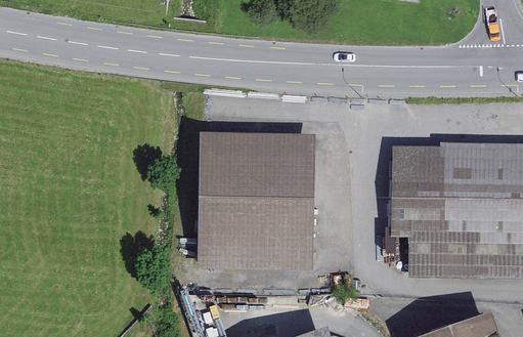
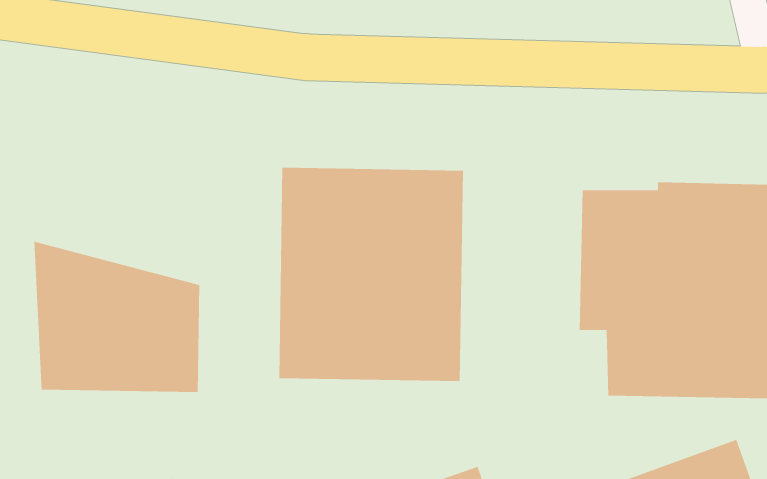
building: none -> [34,241,200,393]

